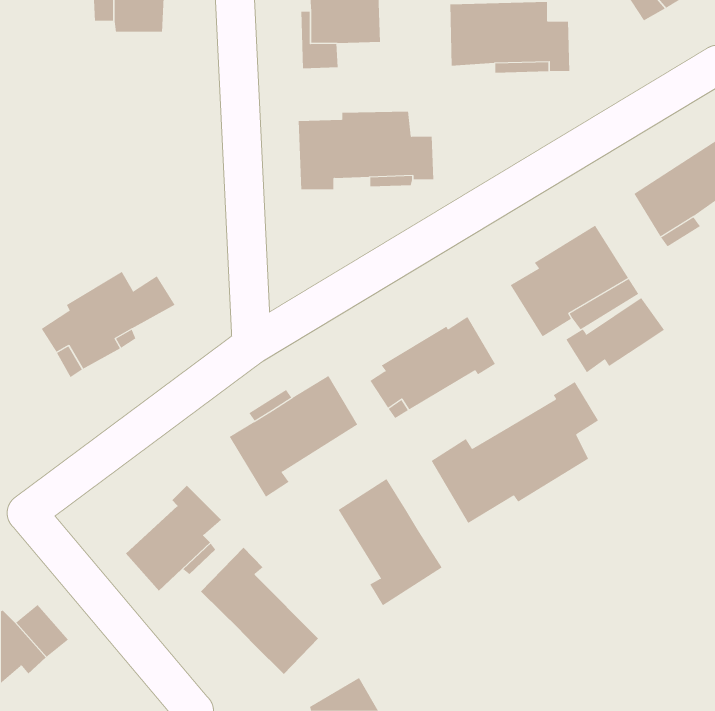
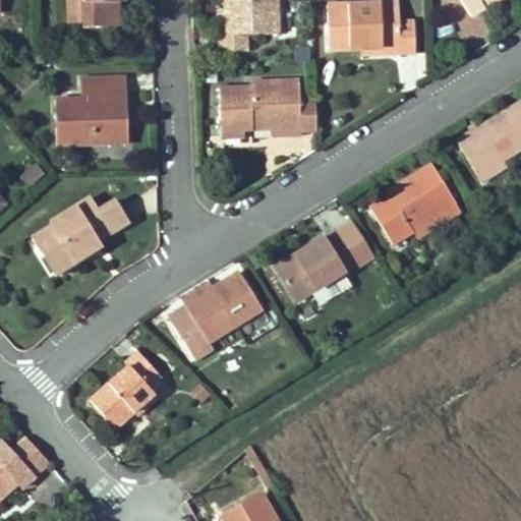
building: none -> [57,74,130,142]
building: [566,297,665,373] -> none
building: [431,381,599,524] -> none
building: [338,478,442,606] -> none
building: [200,547,319,675] -> none

